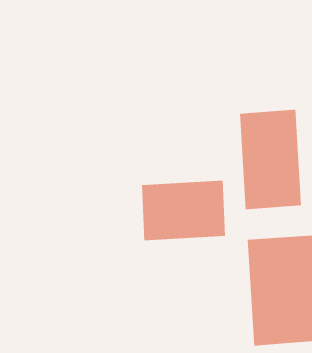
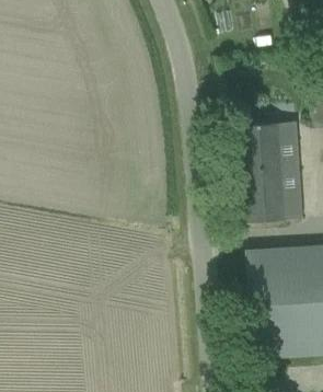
building: [142,180,225,241] -> none

